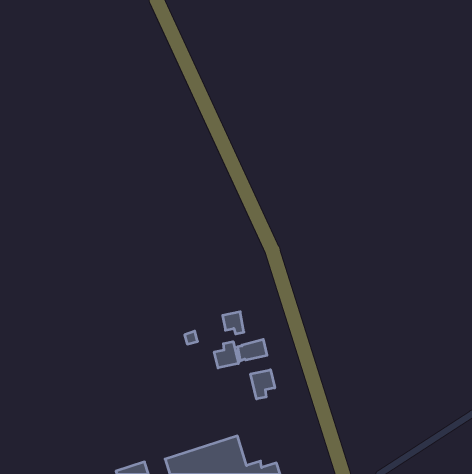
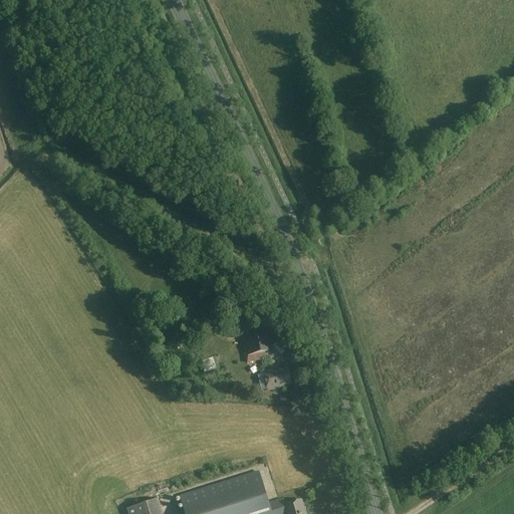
building: [214,342,238,368] -> none
building: [251,370,275,399] -> none

